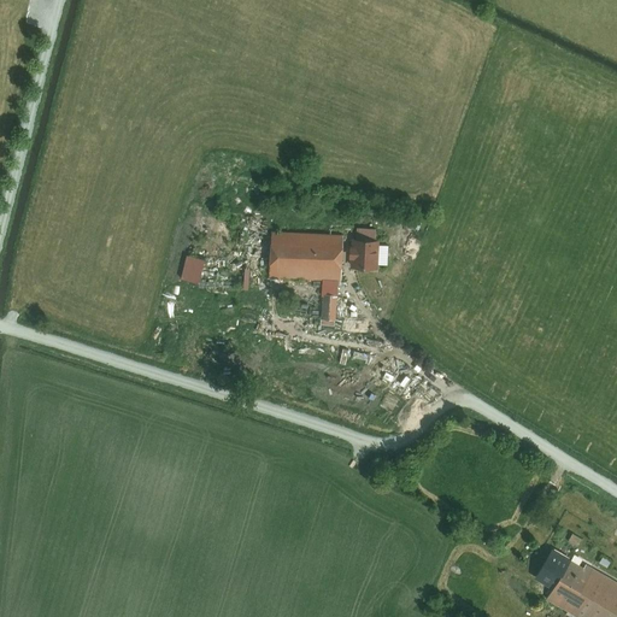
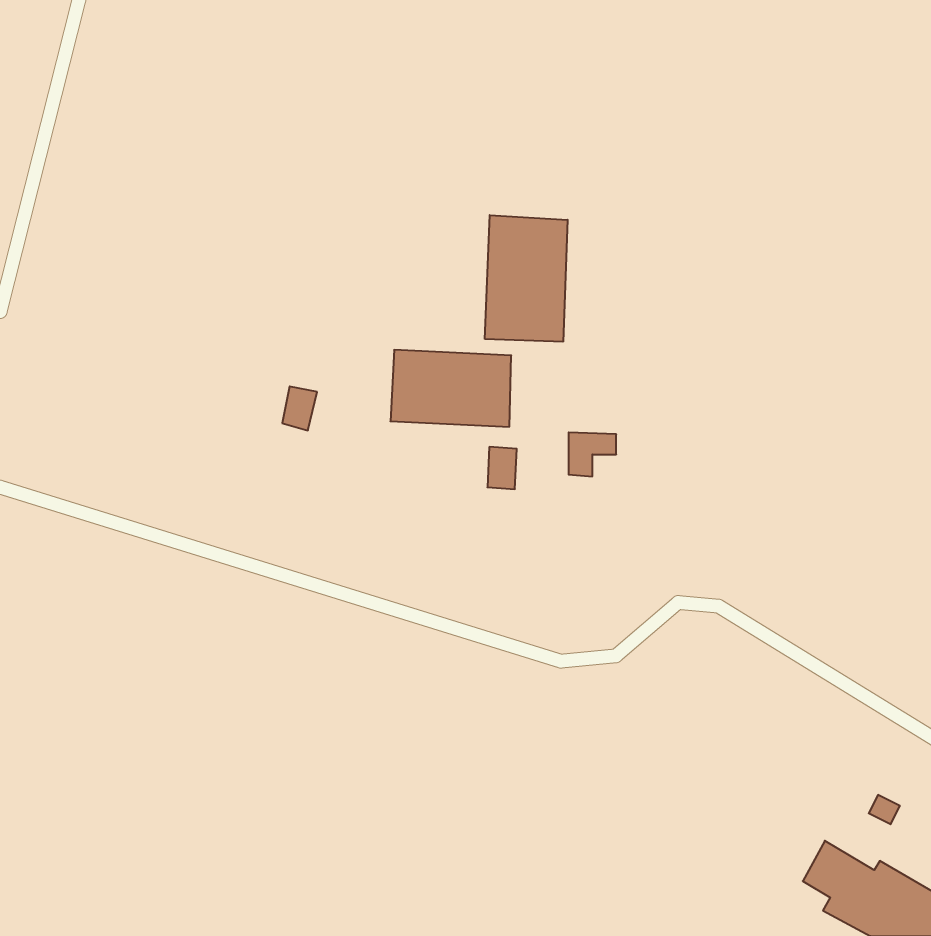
building: none -> [485,215,568,342]
building: [358,241,389,270] -> [569,432,616,476]

